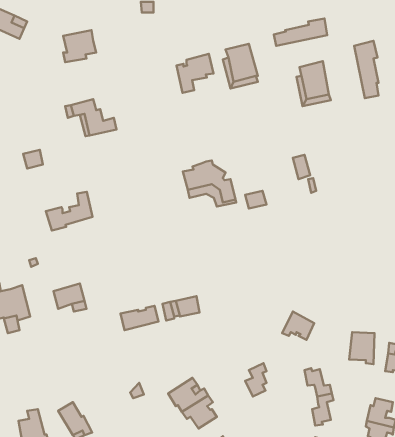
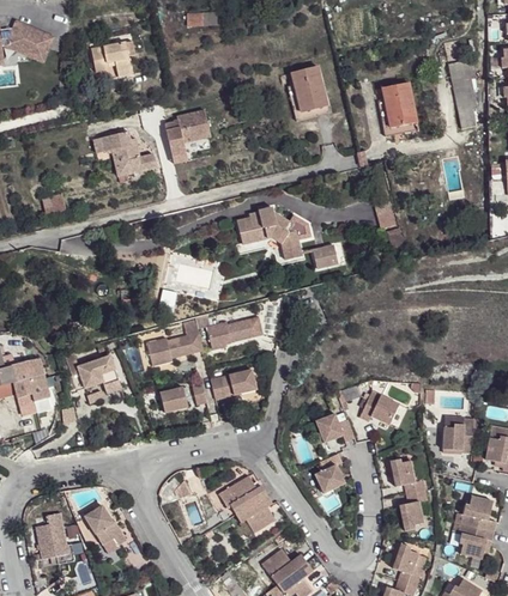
building: [274,19,327,46] -> none
building: [177,54,214,93] -> [164,109,210,157]
building: [46,192,93,231] -> [146,317,204,365]
building: none -> [208,314,262,348]
building: none -> [314,414,353,442]

